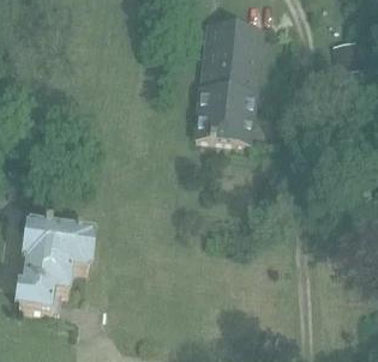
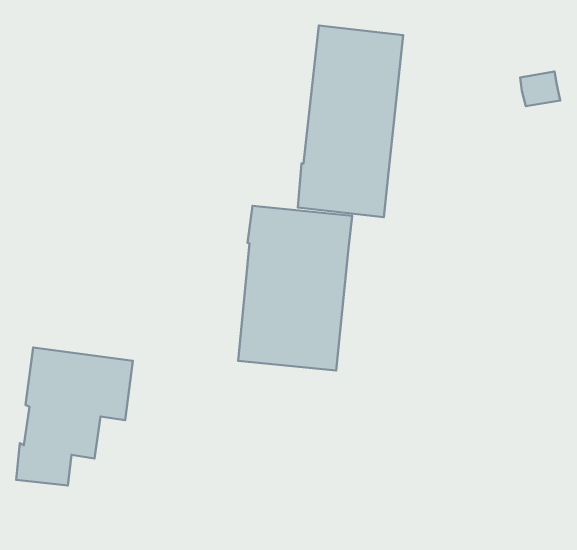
building: none -> [238,206,352,371]

